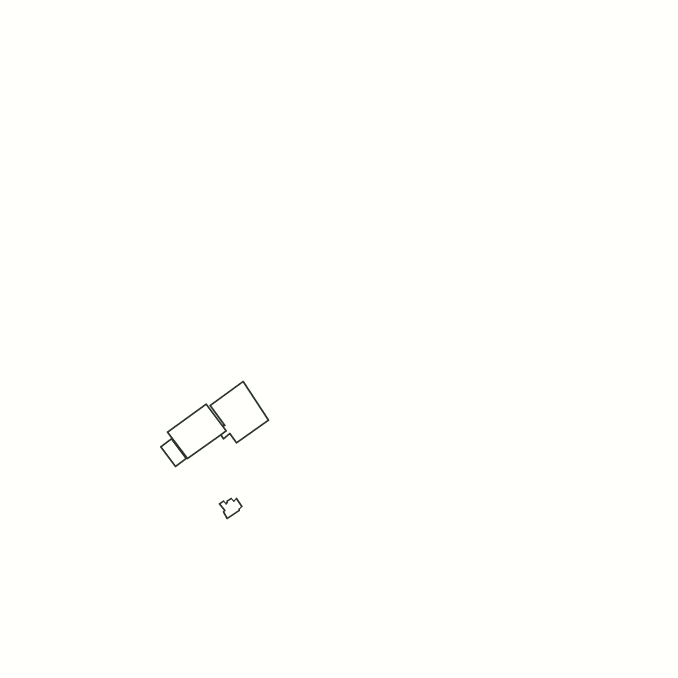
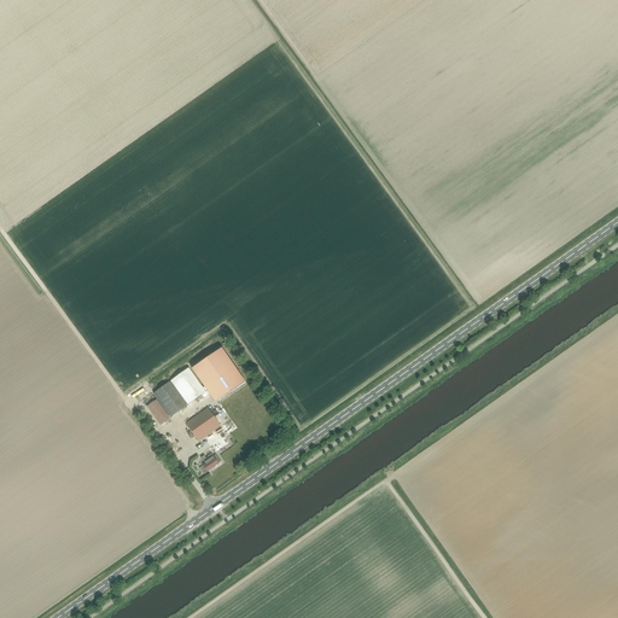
building: none -> [185,407,220,441]

